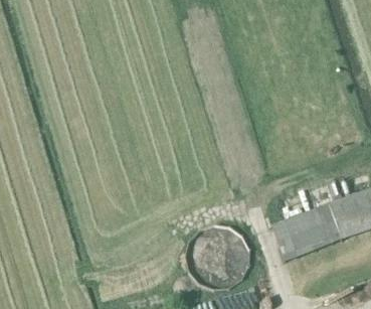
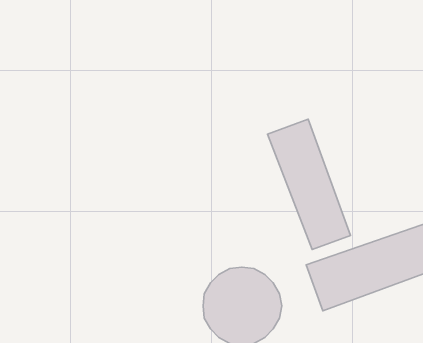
building: none -> [267,119,351,250]

